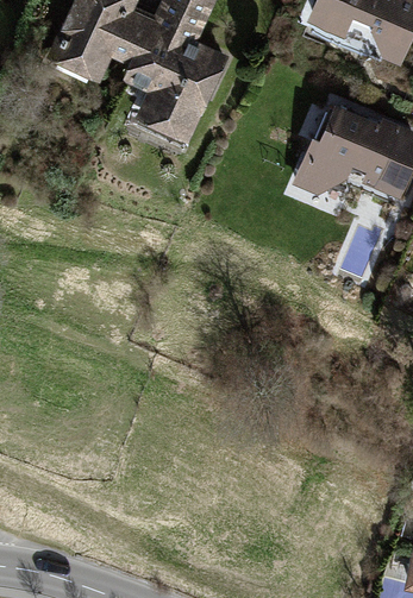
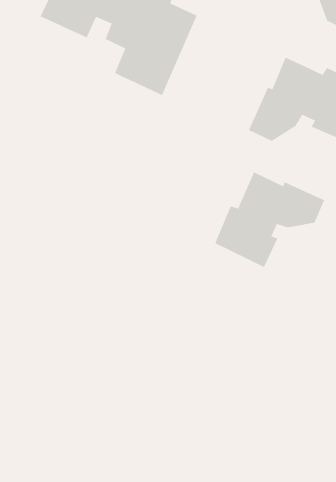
building: none -> [215,171,325,268]

